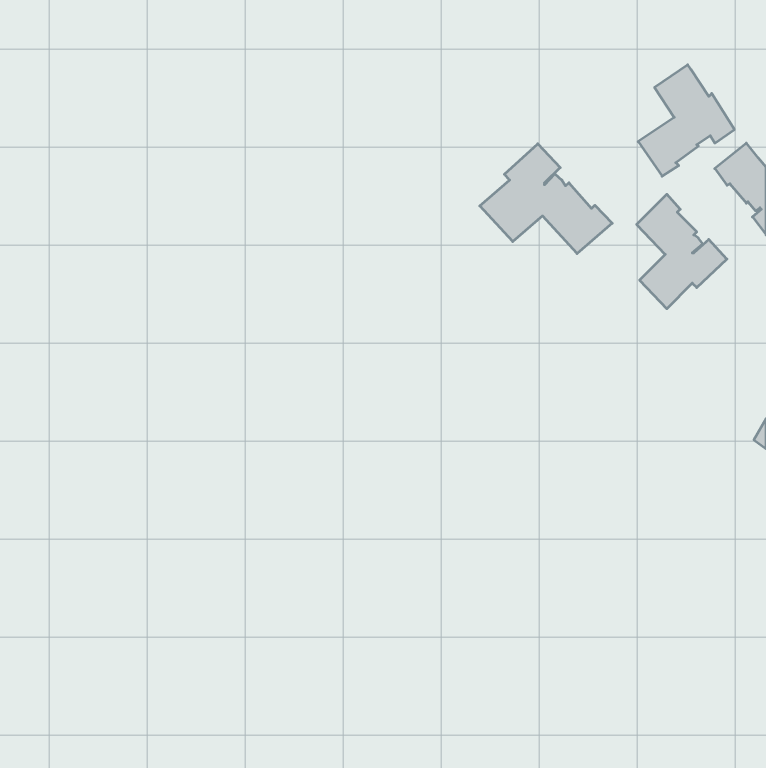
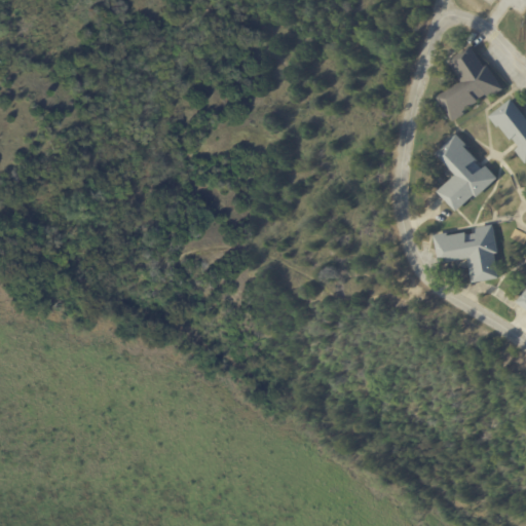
building: [480,144,612,254] -> none
building: none -> [433,223,498,281]

